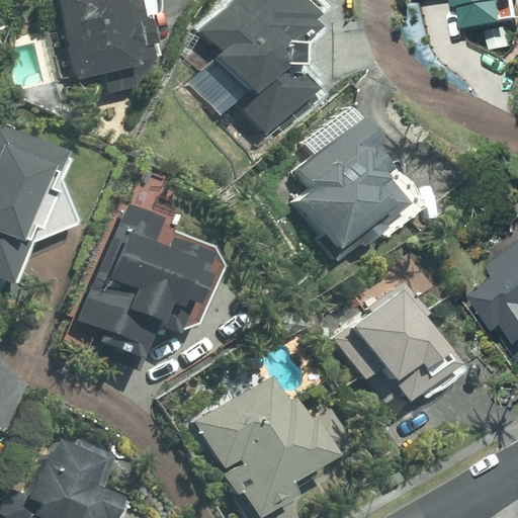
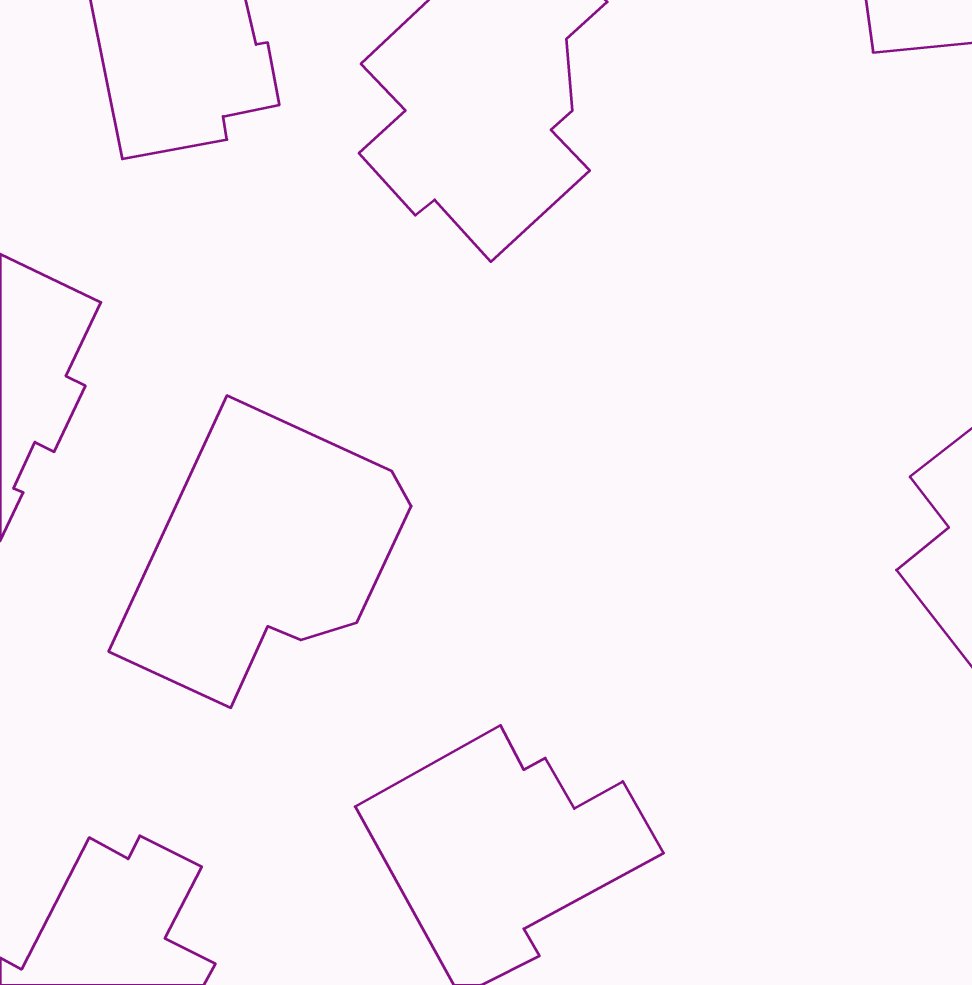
building: [278,104,430,251] -> none
building: [334,269,466,402] -> none

